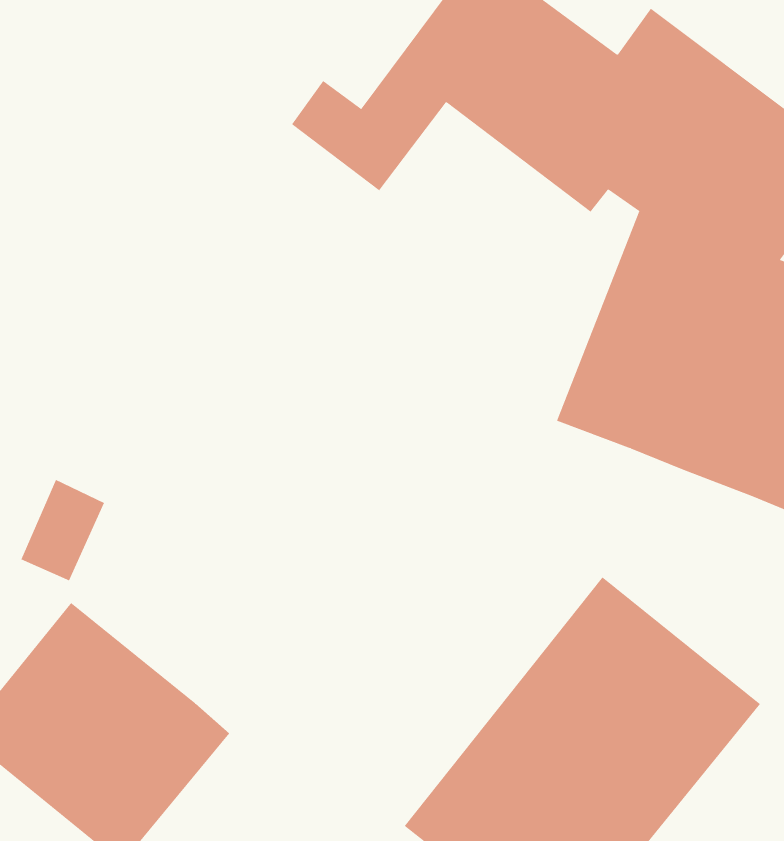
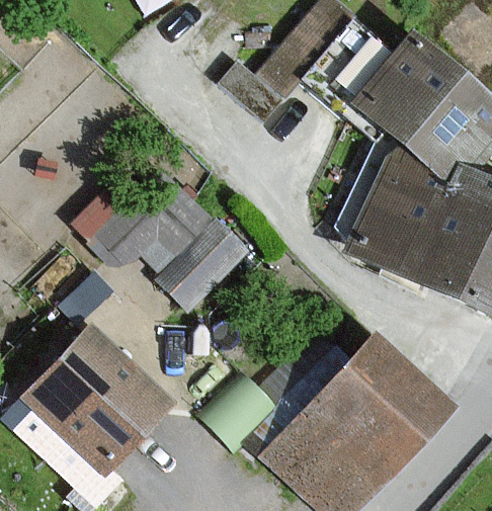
building: none -> [74,143,252,304]

